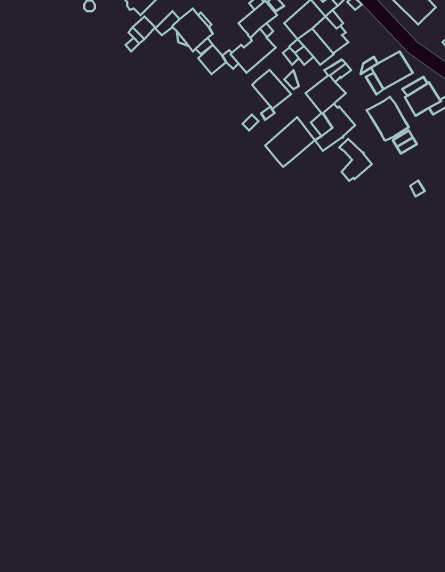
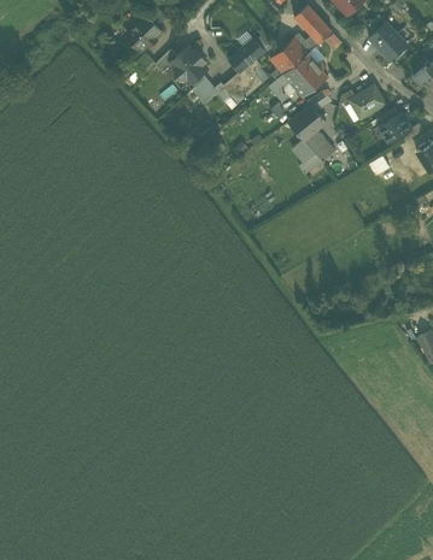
building: [252,70,291,109] -> none
building: [367,97,409,140] -> none
building: [265,117,315,167] -> none
building: [339,139,372,181] -> none

